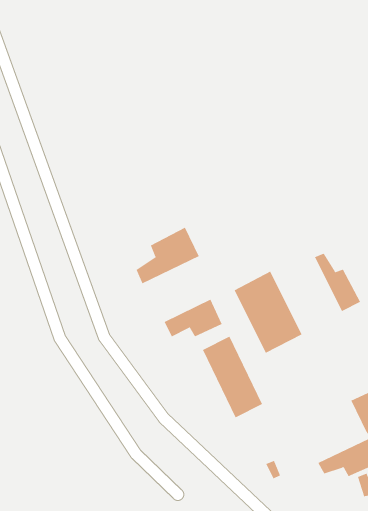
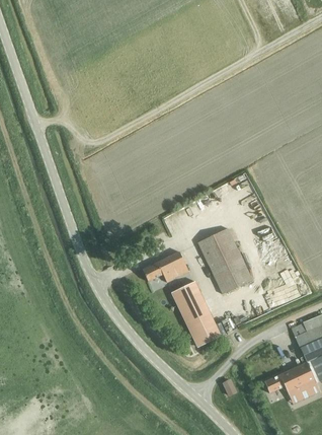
building: [136,227,199,284] -> none
building: [314,253,361,312] -> none

